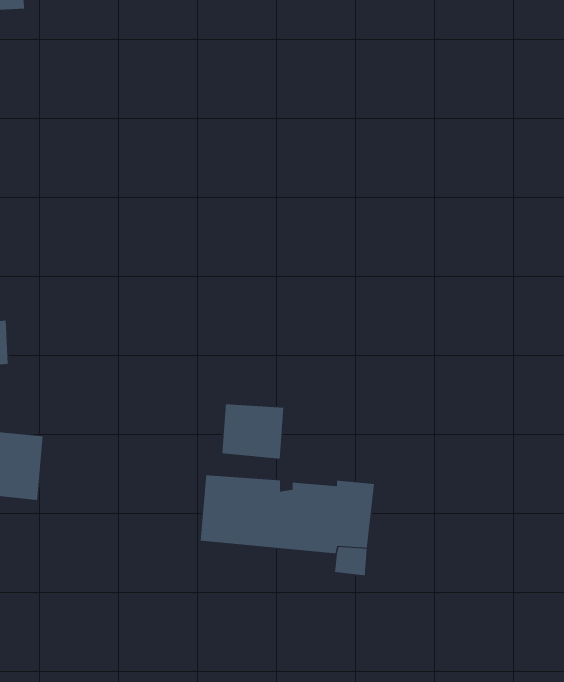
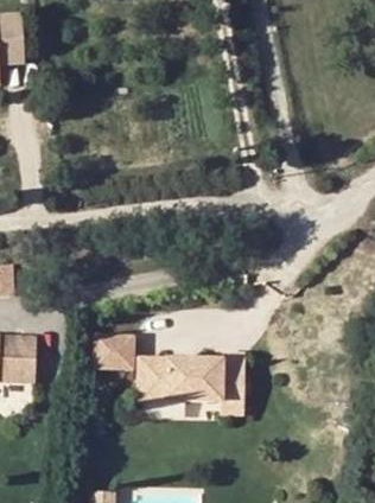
building: [222,404,284,459] -> [95,336,135,371]

